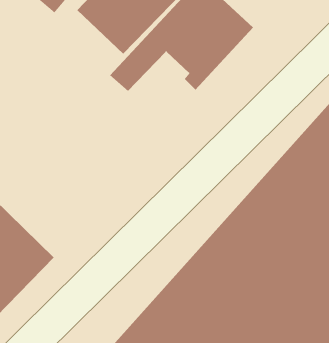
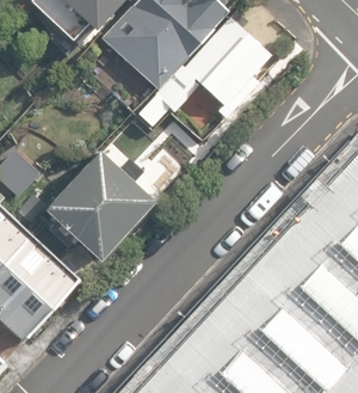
building: none -> [41,142,152,253]

